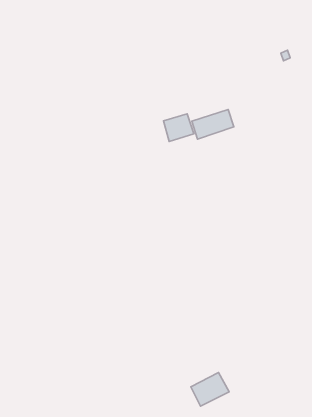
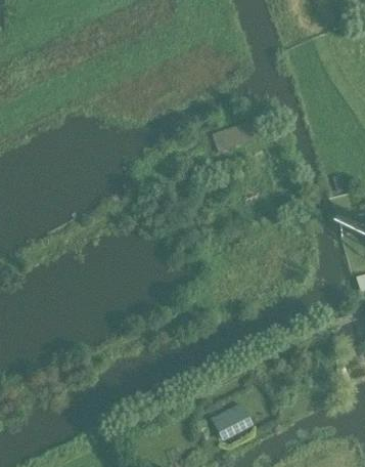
building: [163,114,194,142] -> none

